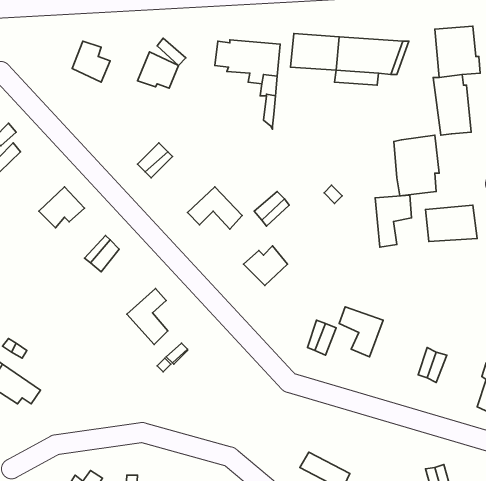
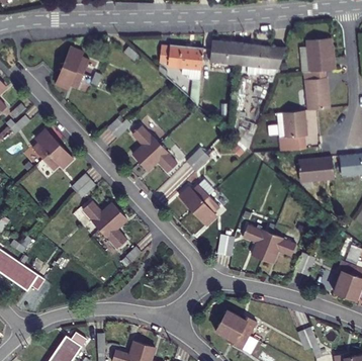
building: [137,52,178,88] -> [56,65,83,89]
building: none -> [131,124,159,161]
building: none -> [31,128,59,160]
building: [375,195,412,247] -> none
building: none -> [192,195,217,224]
building: none -> [84,201,119,229]
building: none -> [262,233,296,261]
building: none -> [221,309,256,335]

